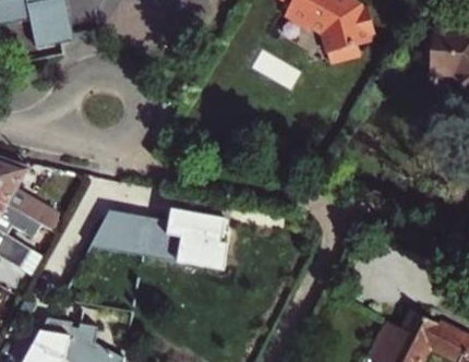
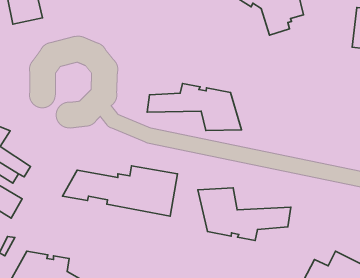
building: none -> [147,83,242,130]
building: none -> [198,188,291,241]

